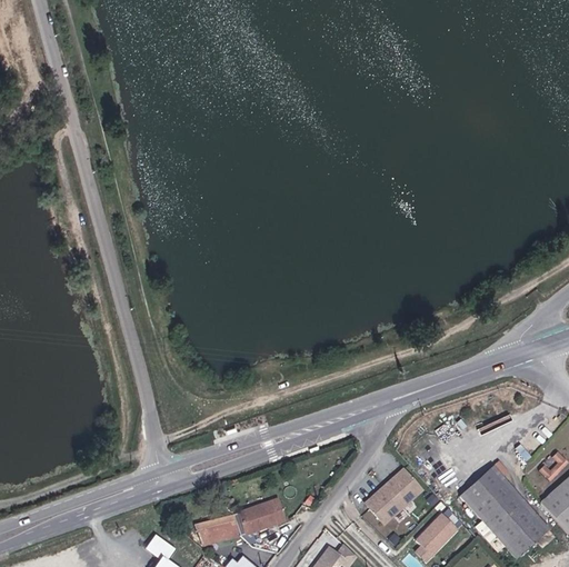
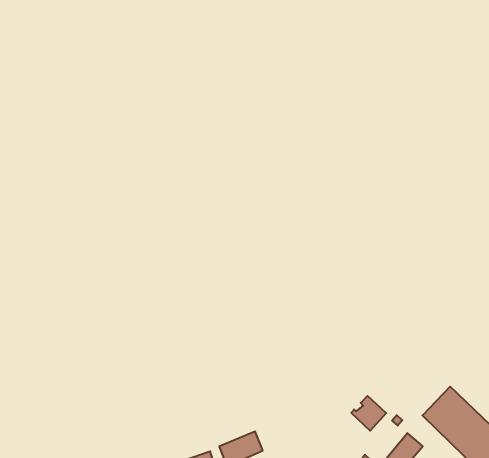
building: [366,486,403,524] -> none

